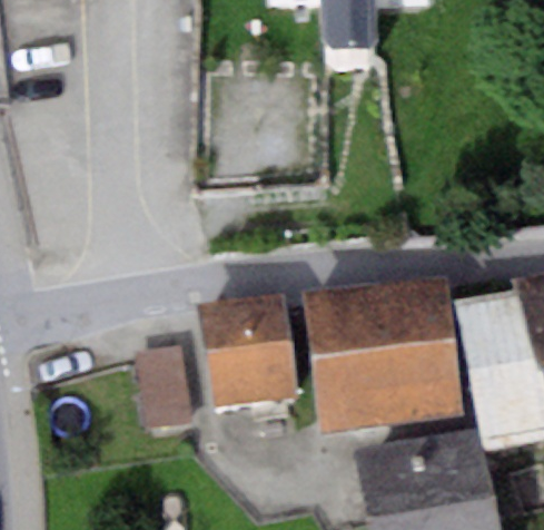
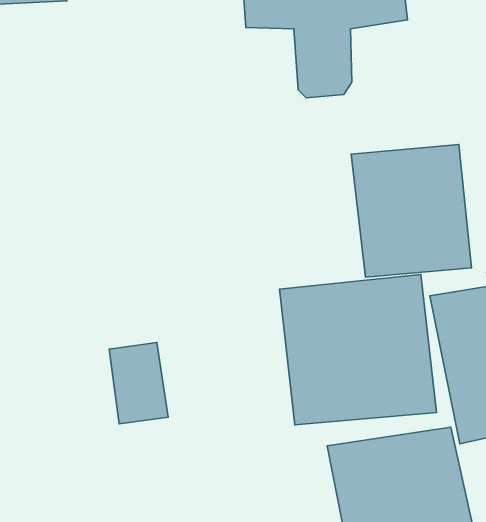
building: none -> [351,144,472,277]
building: [199,292,301,406] -> none

